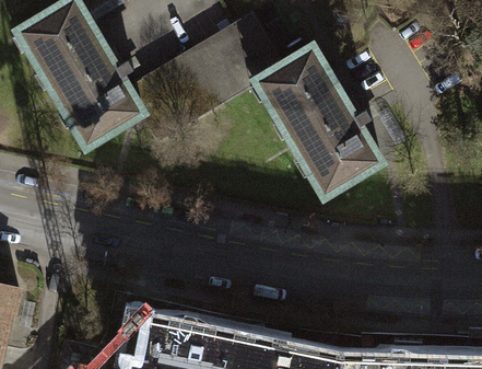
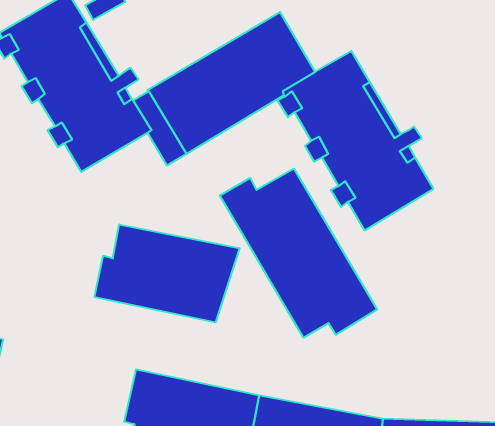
building: none -> [220,169,377,338]
building: none -> [95,224,240,322]

